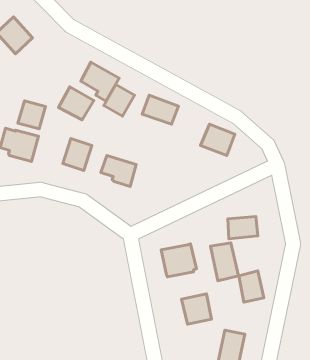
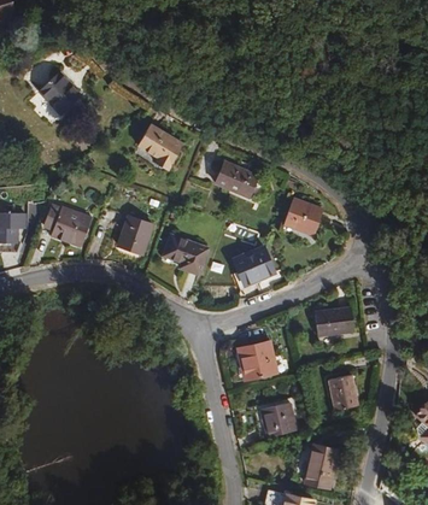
building: [104,85,134,116] -> none
building: [59,87,94,120] -> none
building: [18,101,46,129] -> none
building: none -> [231,247,277,288]
building: [211,243,238,281] -> none

